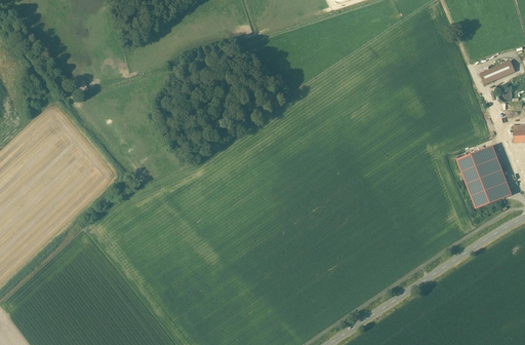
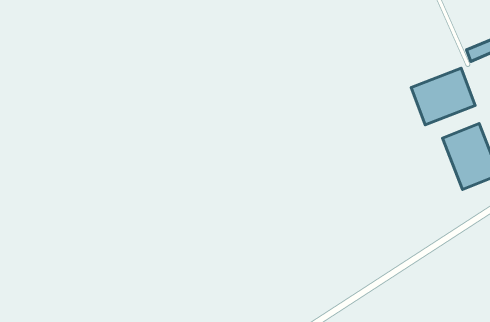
building: none -> [411,68,475,125]

